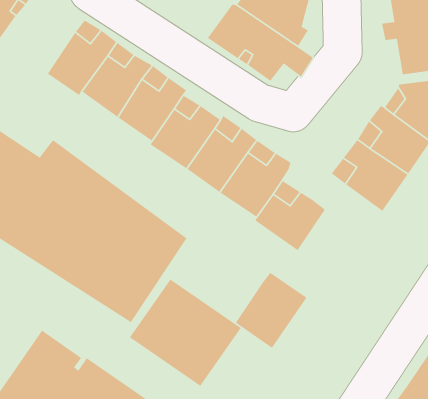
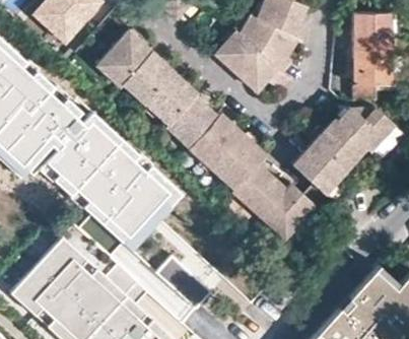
building: [235,272,307,349] -> [260,183,315,239]

